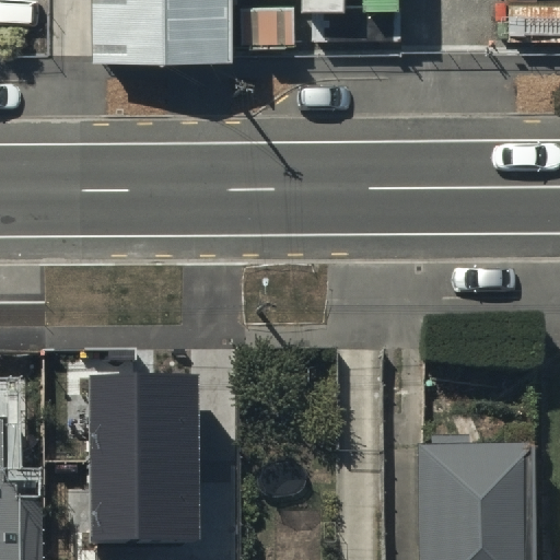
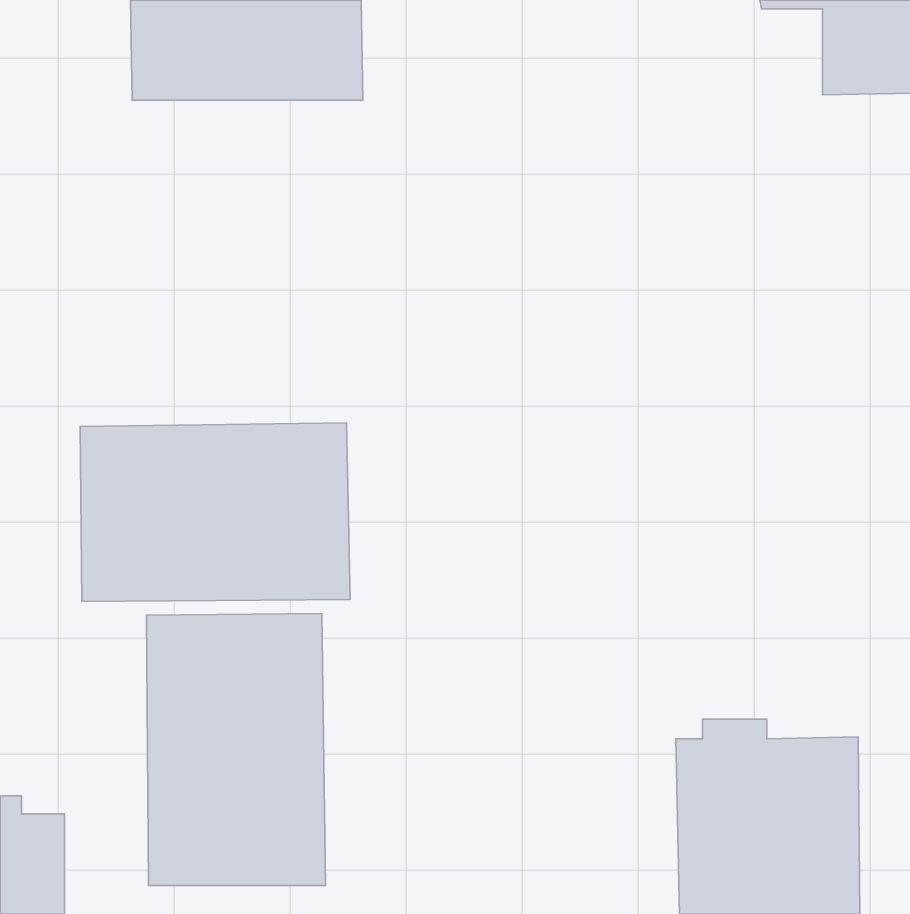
building: none -> [80,423,350,601]

